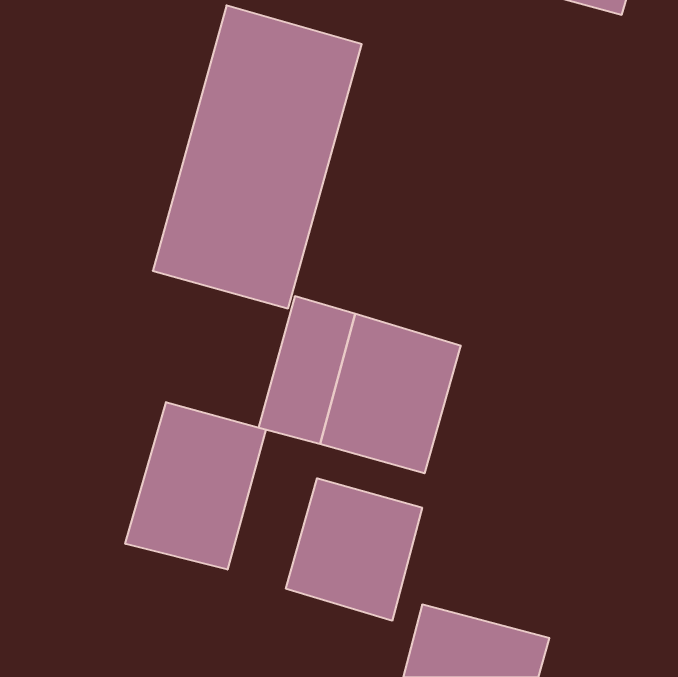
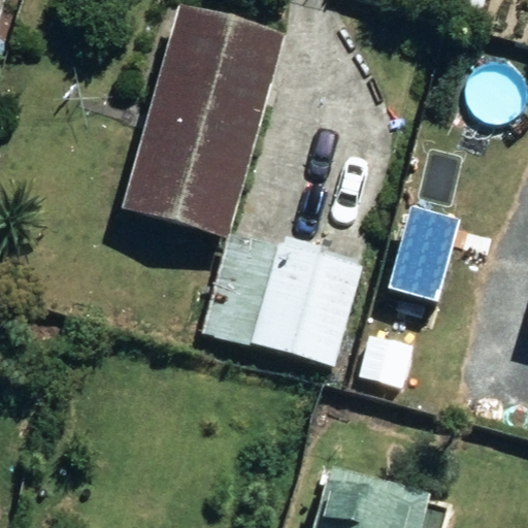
building: [125,402,266,570] -> none
building: [286,478,422,621] -> none

